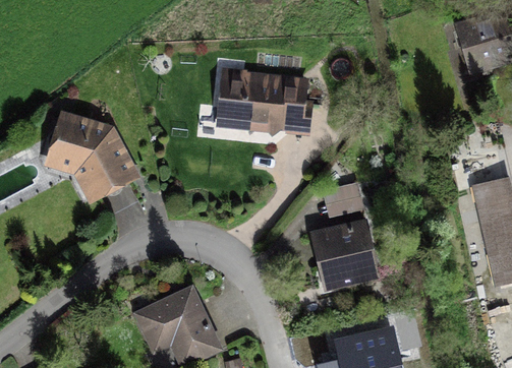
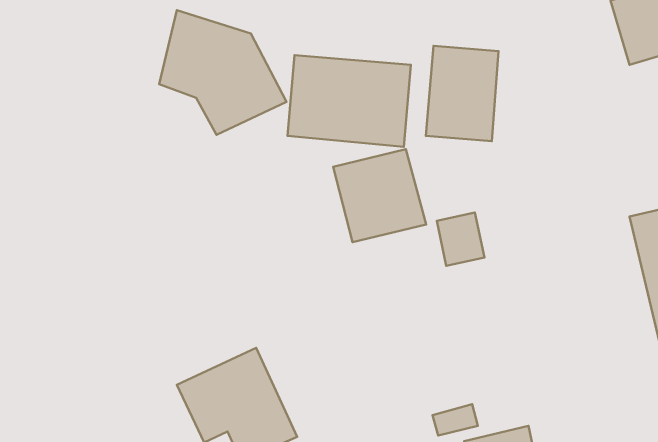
building: none -> [426,46,498,141]
building: [46,110,140,202] -> [159,10,286,135]
building: [309,221,379,290] -> [333,149,426,242]

